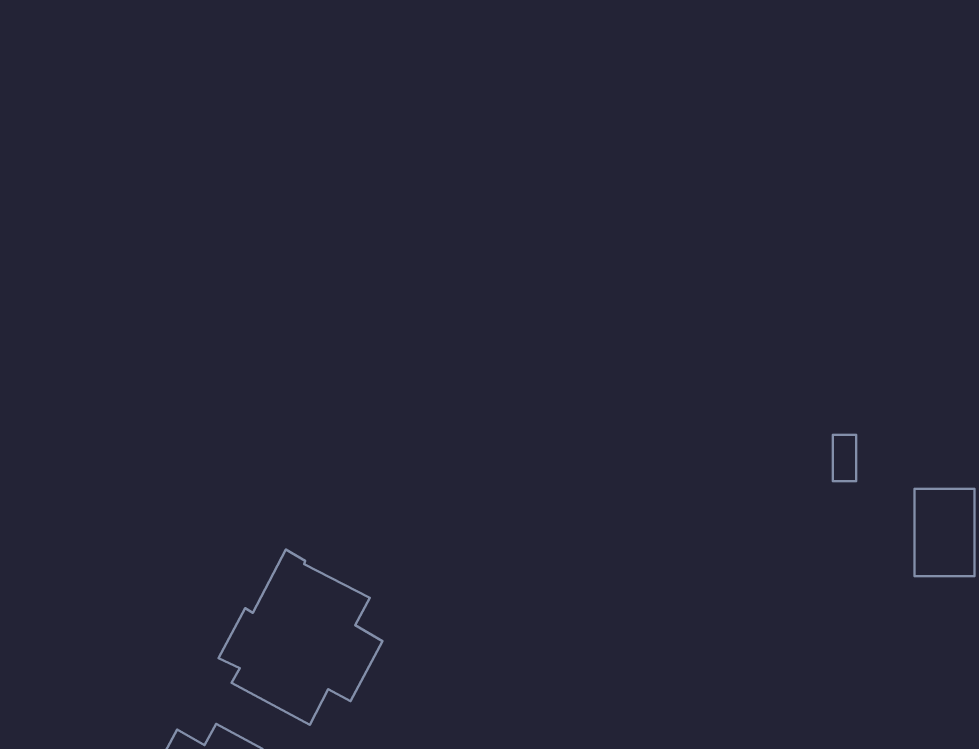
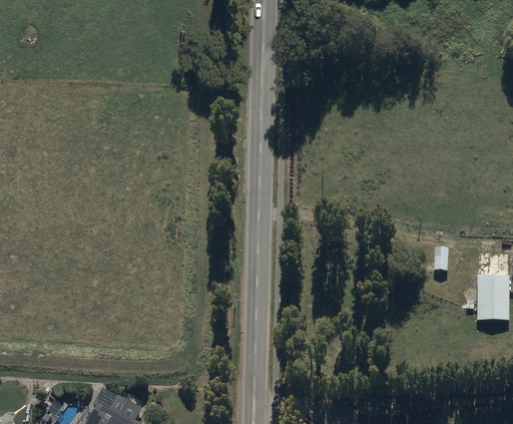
building: [218,550,382,725] -> none

